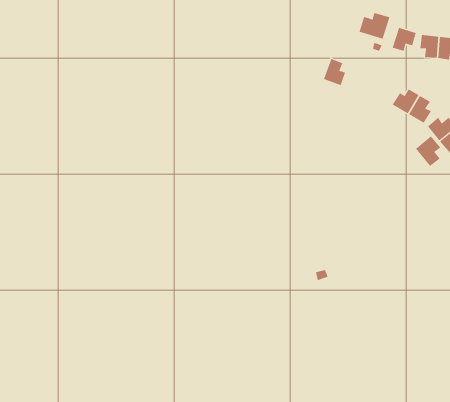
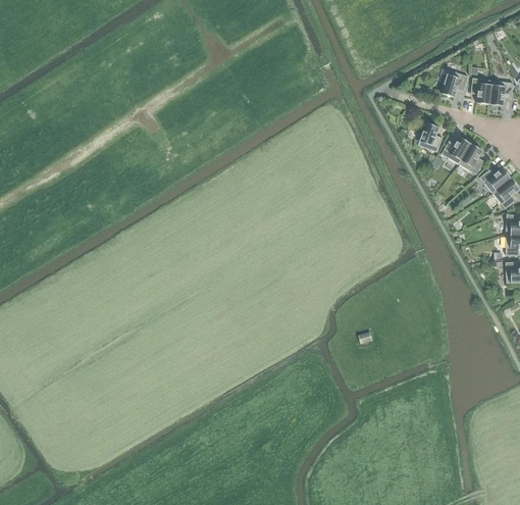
building: [359,12,390,40] -> none
building: [323,58,346,86] -> [418,122,443,152]
building: [415,135,441,167] -> none

